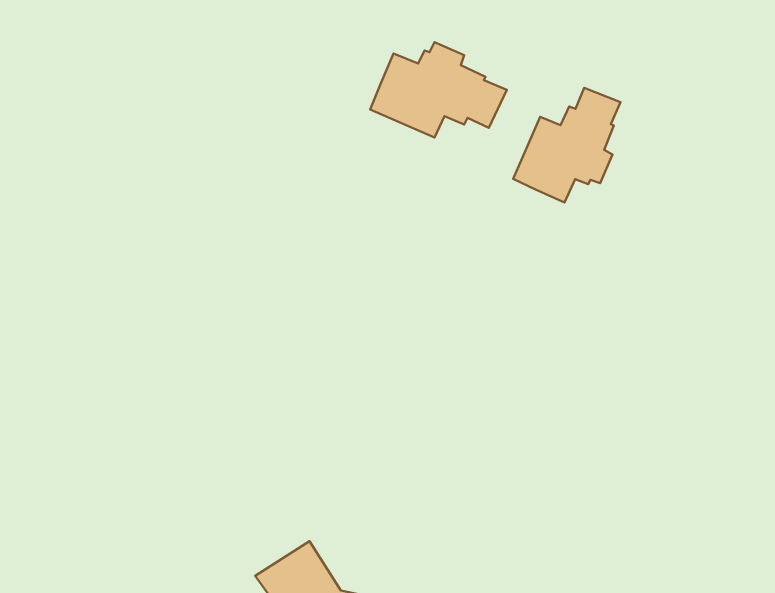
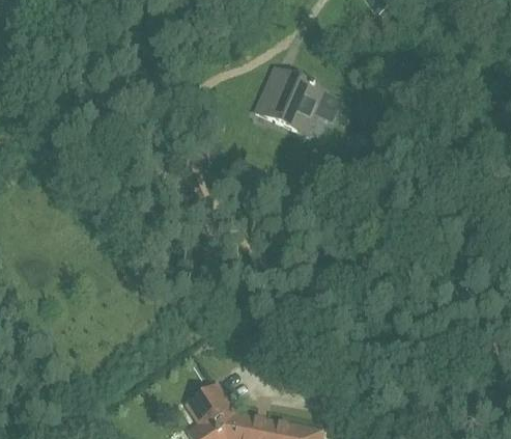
building: [513,88,621,203] -> none

